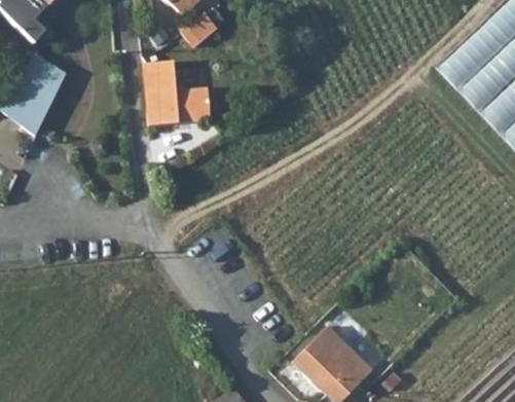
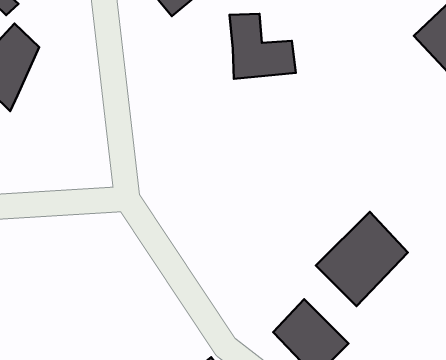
building: [144,62,210,126] -> [230,14,296,79]
building: none -> [316,212,408,306]

